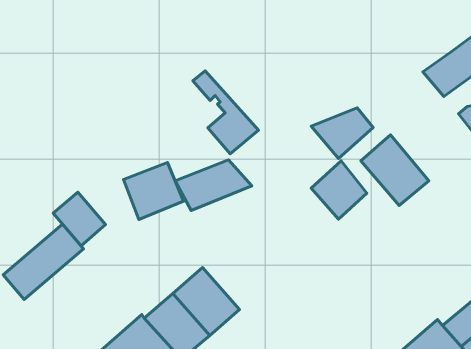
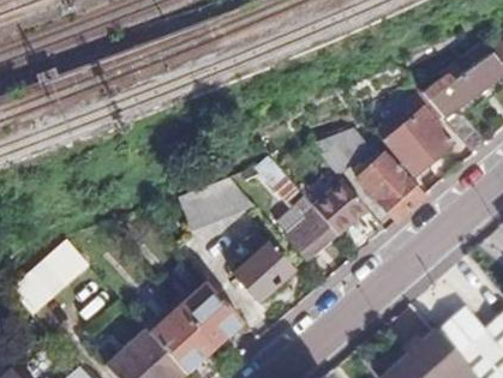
building: [193,71,258,154] -> [273,178,336,258]
building: none -> [387,91,453,172]
building: [123,162,184,219] -> none
building: [53,192,106,246] -> none
building: none -> [235,233,297,304]

